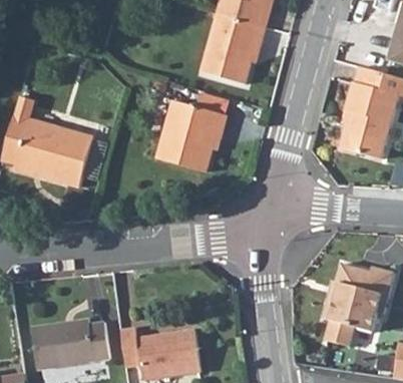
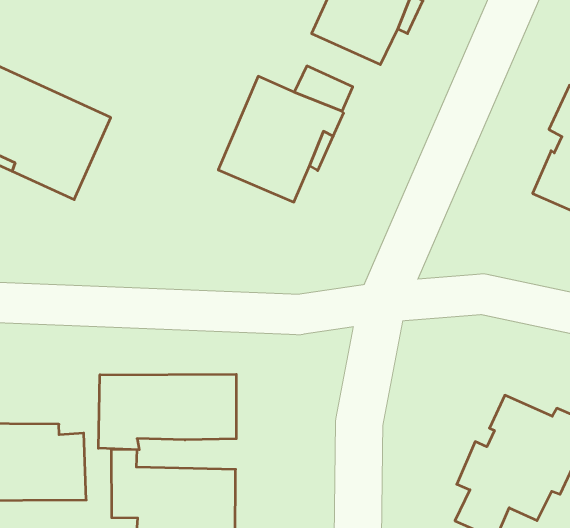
building: none -> [98,374,236,450]

